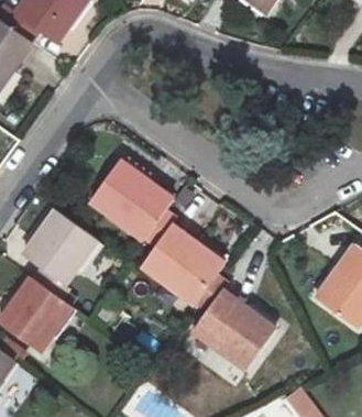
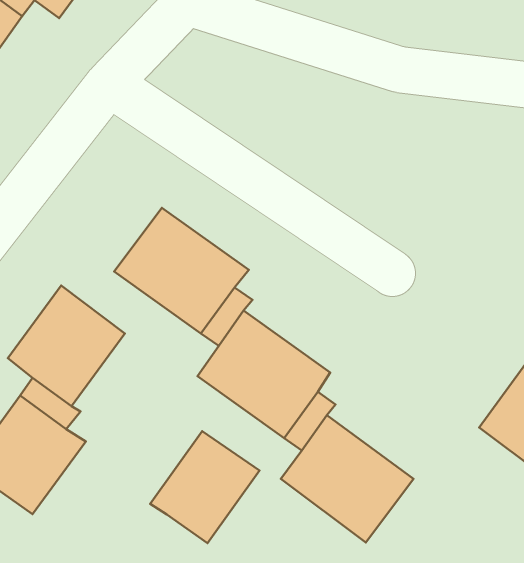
building: none -> [150,431,260,543]

